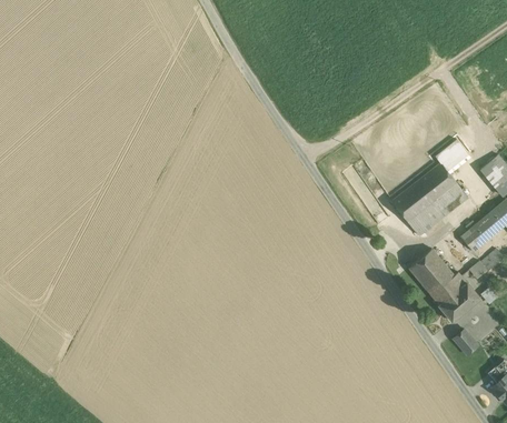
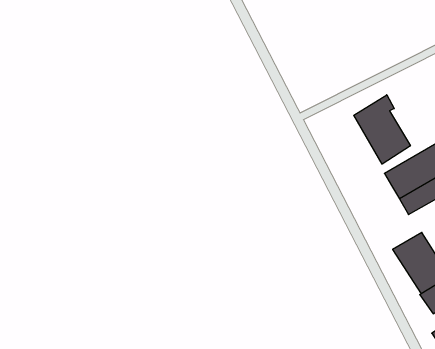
building: none -> [354,95,410,164]

